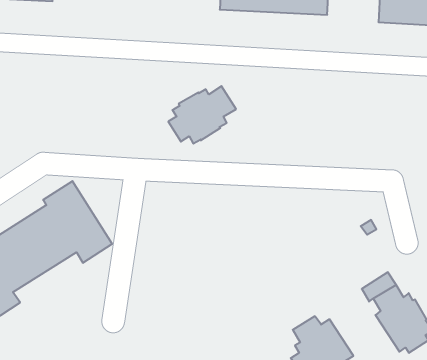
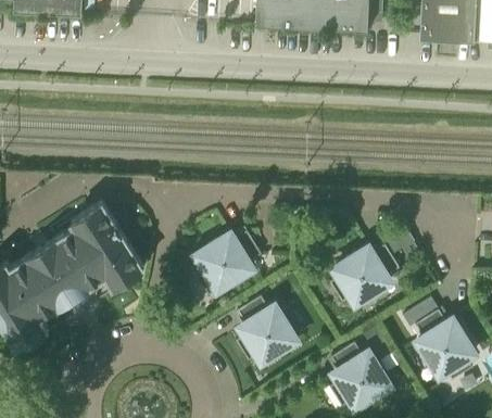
building: [168,86,236,144] -> [191,231,262,291]
building: none -> [329,245,400,304]
building: none -> [236,296,297,363]

